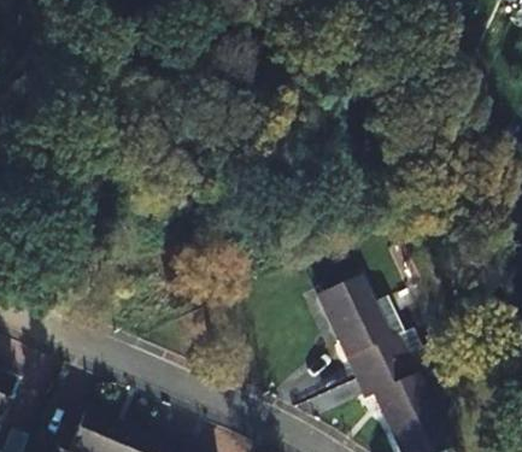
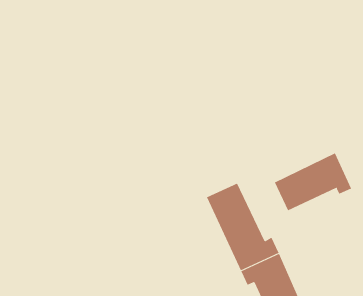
building: none -> [274,153,352,211]

